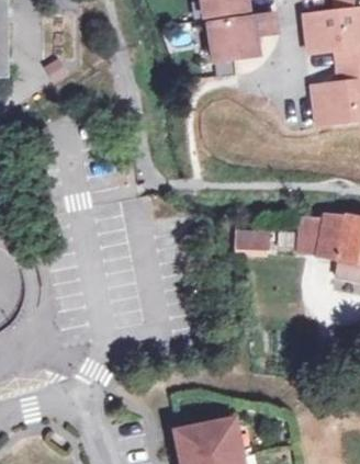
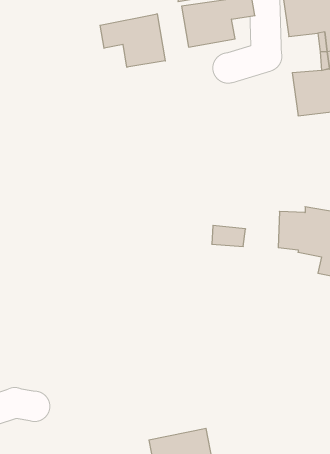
building: none -> [100,14,165,67]

